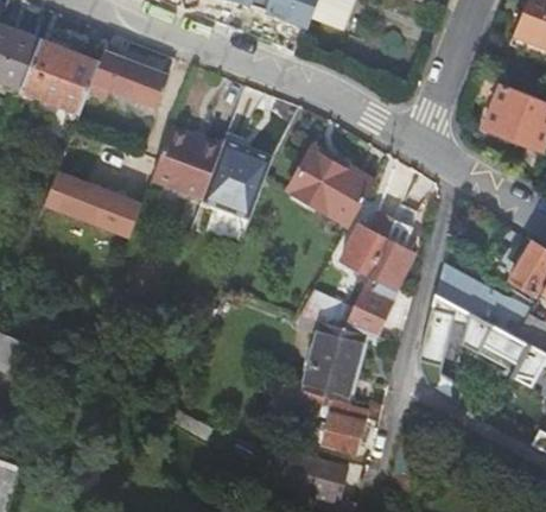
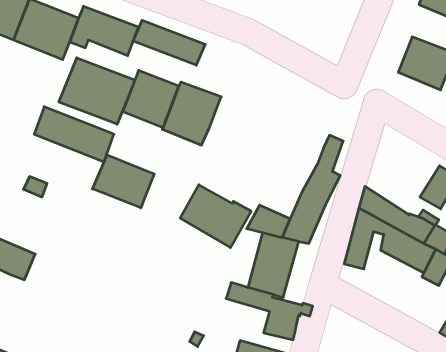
building: none -> [133,20,205,65]
building: none -> [59,58,135,124]
building: [288,148,374,225] -> [180,185,251,248]
building: [339,213,393,273] -> none
building: none -> [92,155,154,208]

